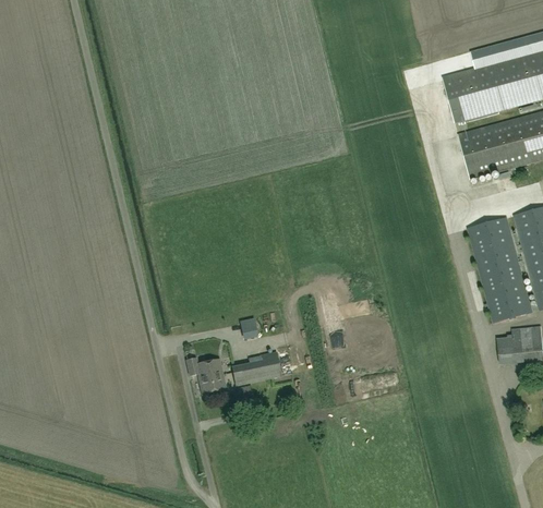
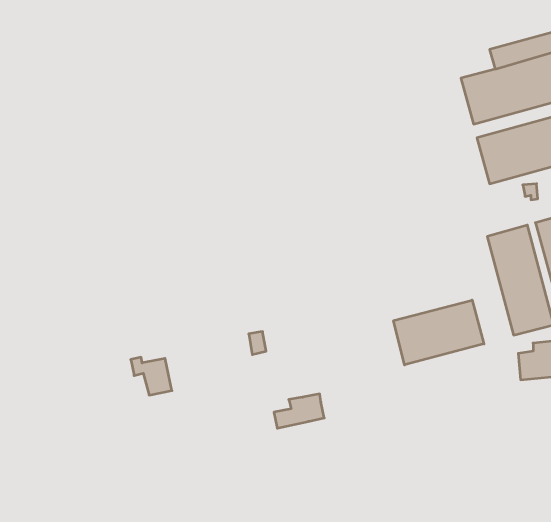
building: none -> [394,300,484,365]
building: [233,352,281,385] -> [274,394,324,428]
building: [186,358,226,394] -> [131,357,172,395]

